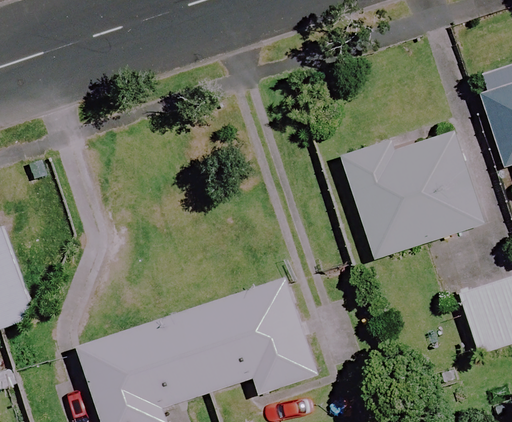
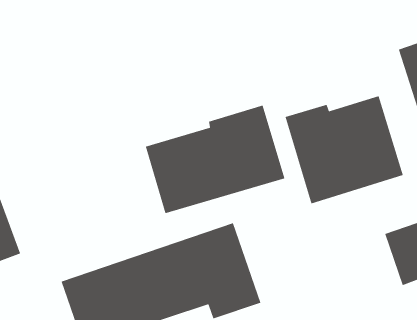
building: none -> [145,104,286,214]

